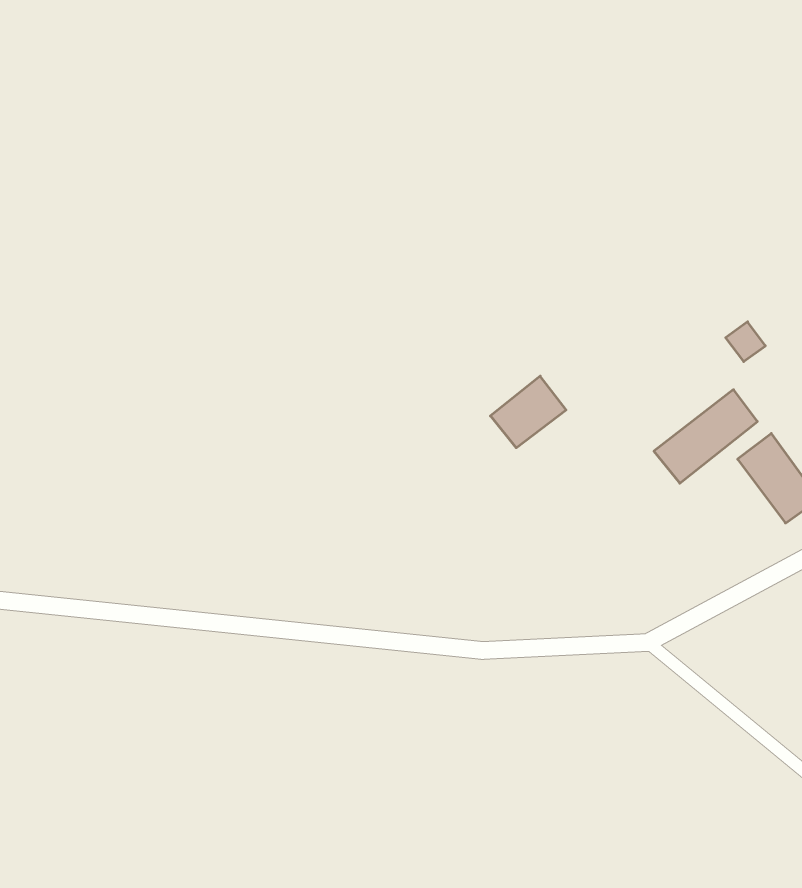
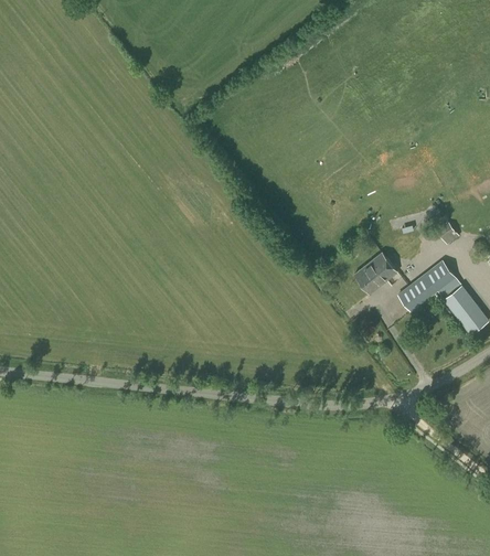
building: [490,376,566,448] -> [355,253,397,292]

